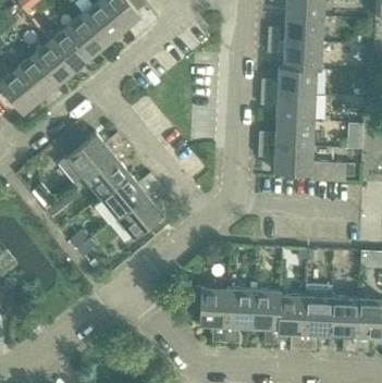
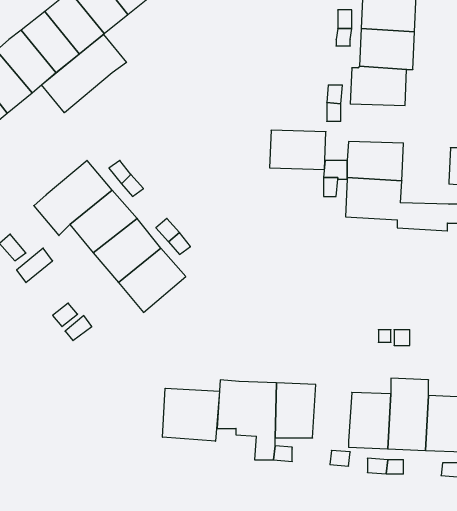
building: none -> [42,35,126,113]
building: [275,94,315,121] -> [270,130,326,169]
building: [250,288,278,328] -> none
building: none -> [163,388,219,441]

